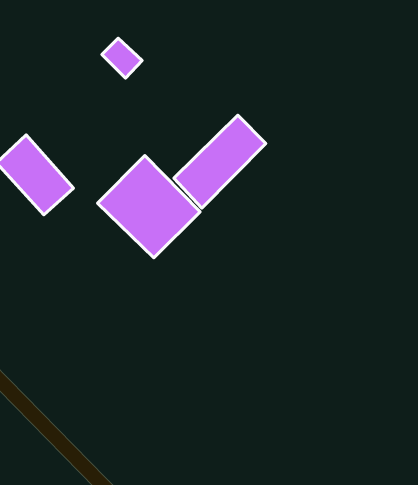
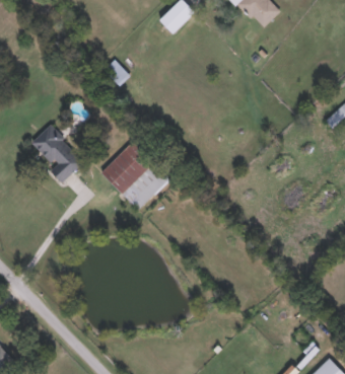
building: [174,115,266,208] -> none

